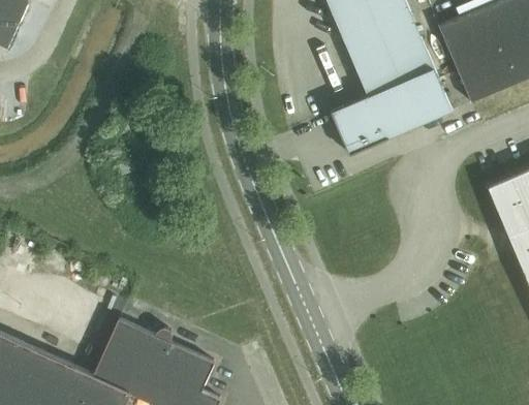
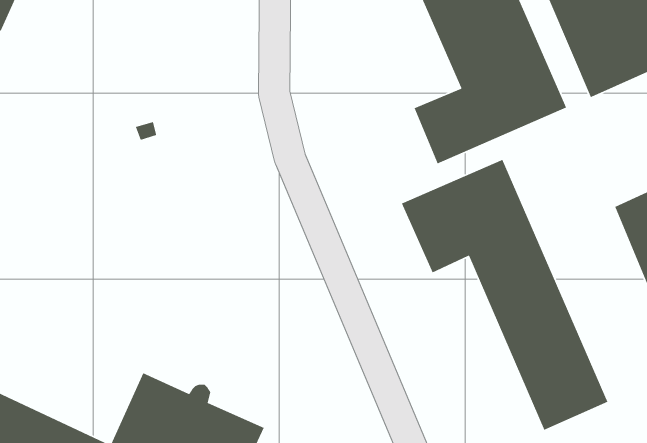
building: none -> [401,159,608,431]

